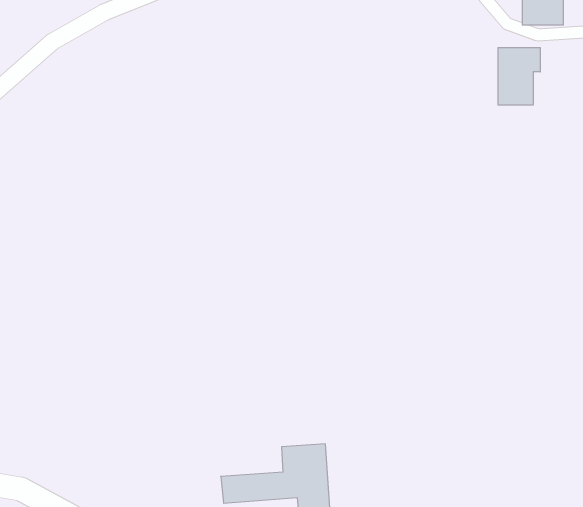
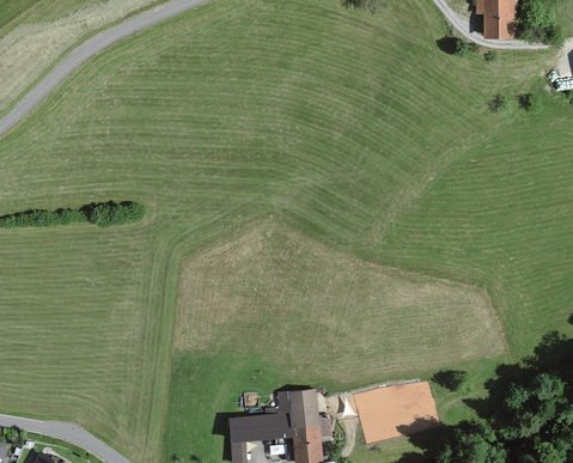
building: [498,48,540,105] -> none

